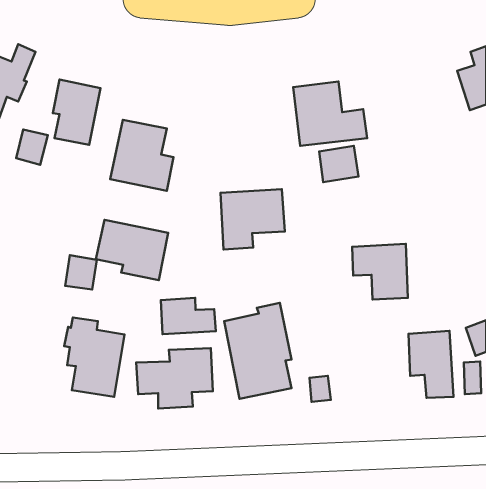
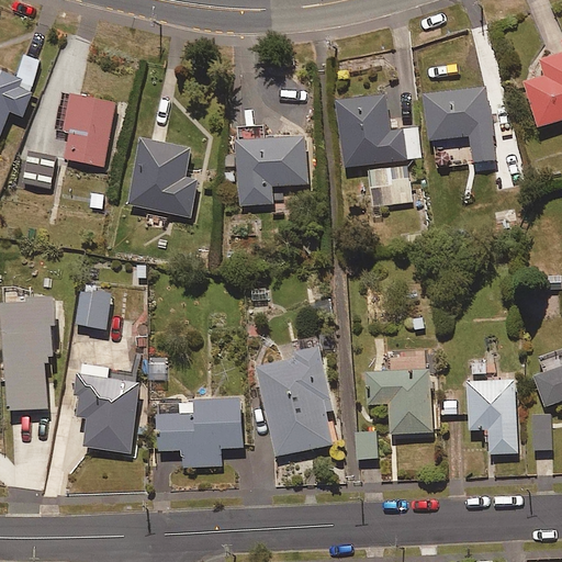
building: none -> [424,87,497,162]
building: [220,189,285,250] -> [235,136,308,205]
building: [96,220,168,280] -> none
building: [352,244,408,300] -> [367,370,430,434]
building: none -> [5,302,55,412]
building: [161,298,216,334] -> none

